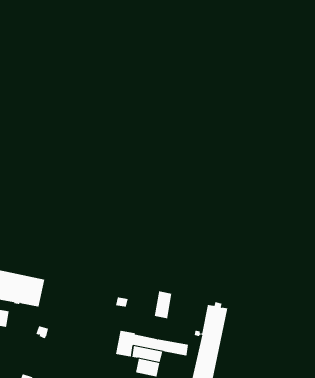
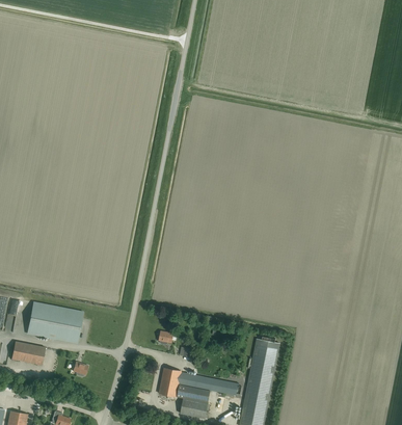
building: [154,291,172,319] -> none

